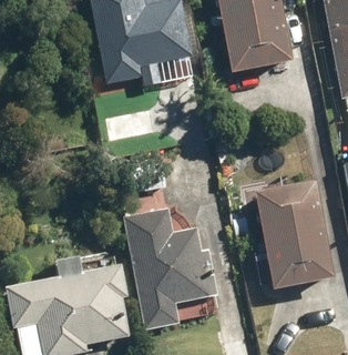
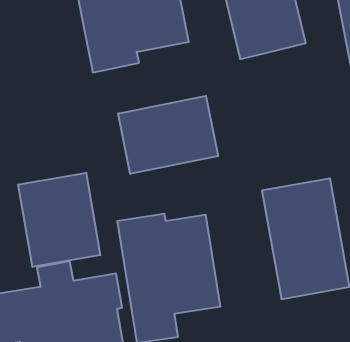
building: none -> [118,96,218,174]
building: none -> [18,173,100,267]

